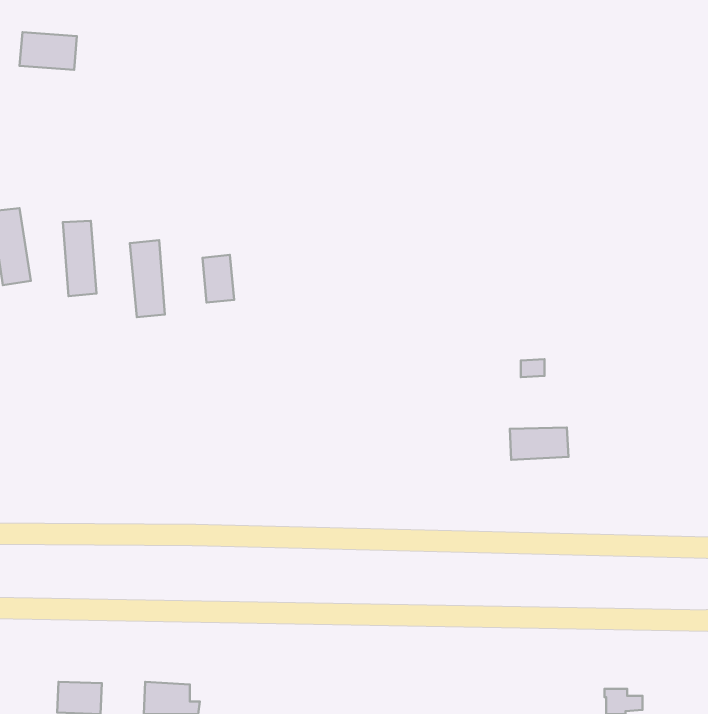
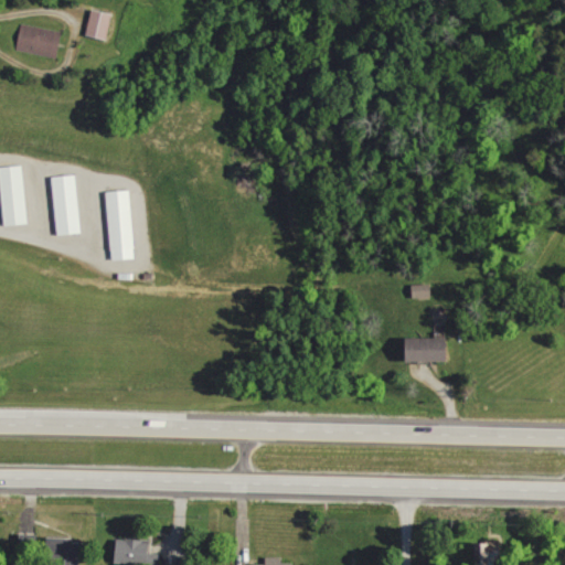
building: none -> [85,9,114,40]
building: [202,255,234,303] -> none

